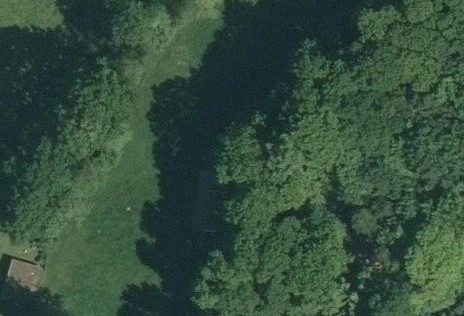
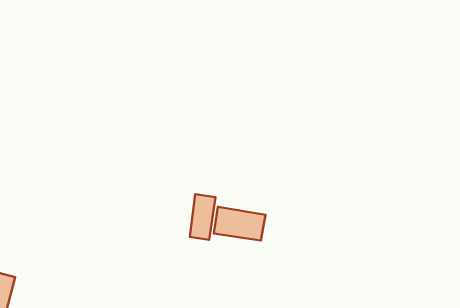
building: none -> [214,207,266,240]

